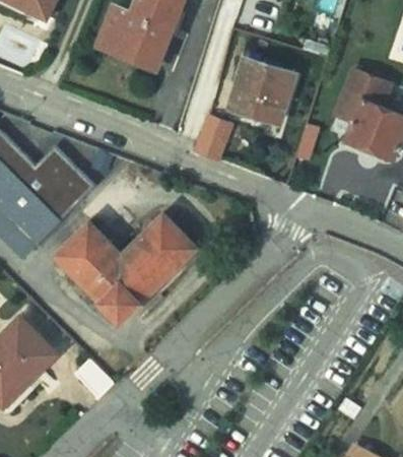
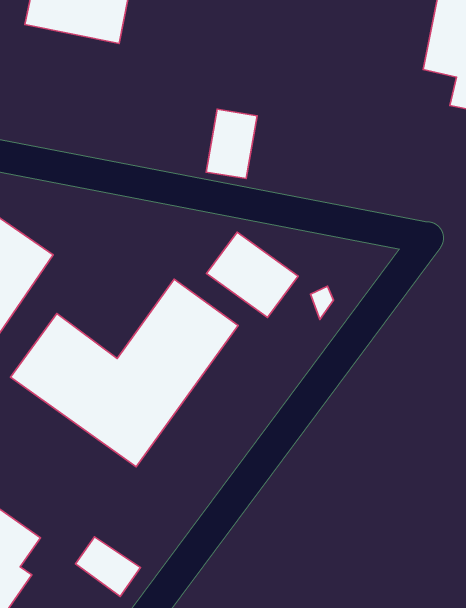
building: [227,59,293,123] -> none
building: none -> [207,232,298,317]

